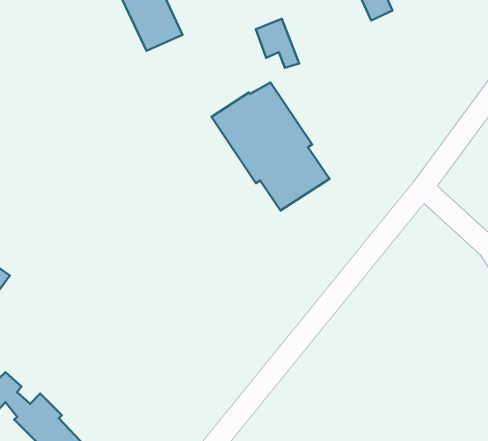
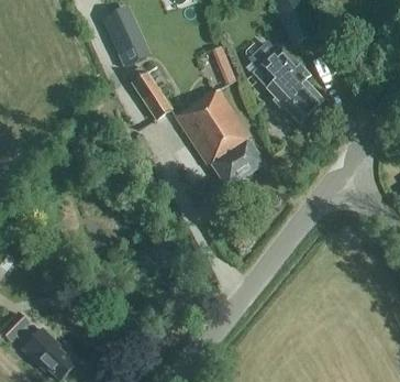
building: none -> [253,46,323,123]
building: none -> [130,72,171,120]

